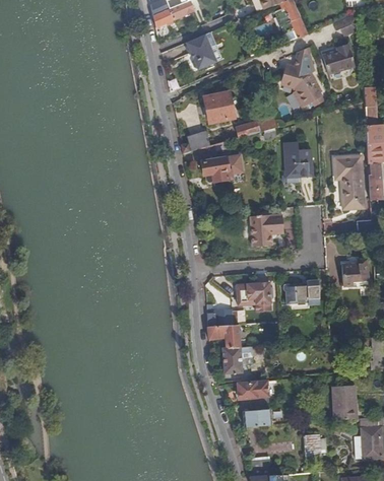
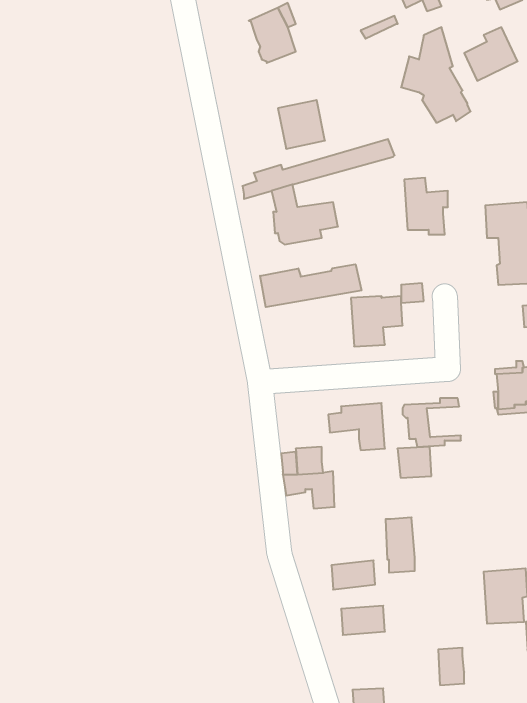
building: none -> [260,264,361,307]
building: [298,284,319,303] -> [397,447,431,478]
building: [223,347,242,382] -> [386,517,415,573]

